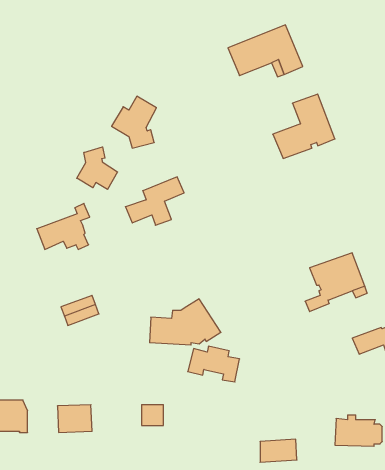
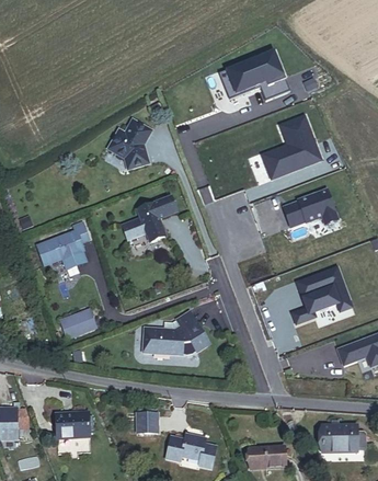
building: [77,147,118,189] -> none
building: none -> [283,191,336,227]
building: [188,346,240,382] -> [165,434,215,468]

